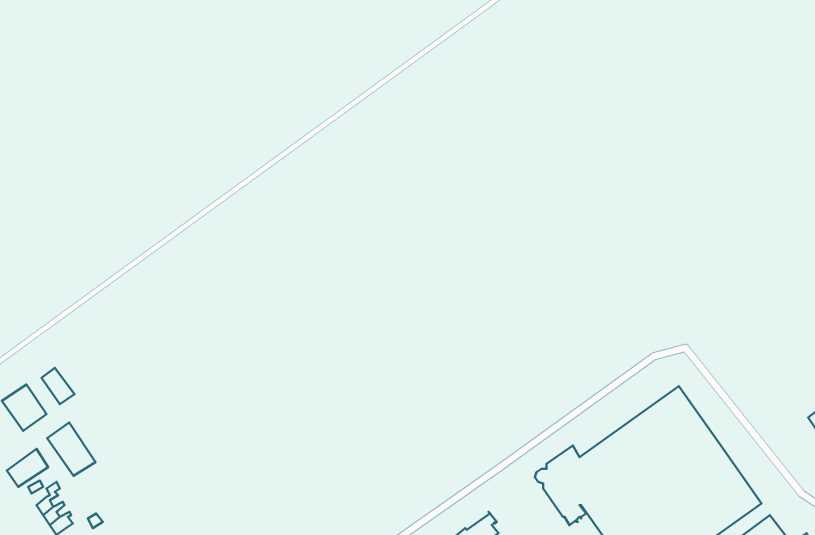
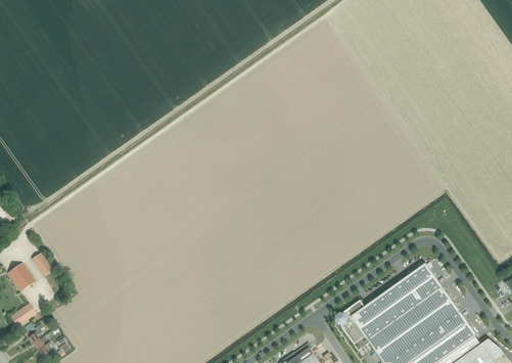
building: [47,423,96,476] -> none

